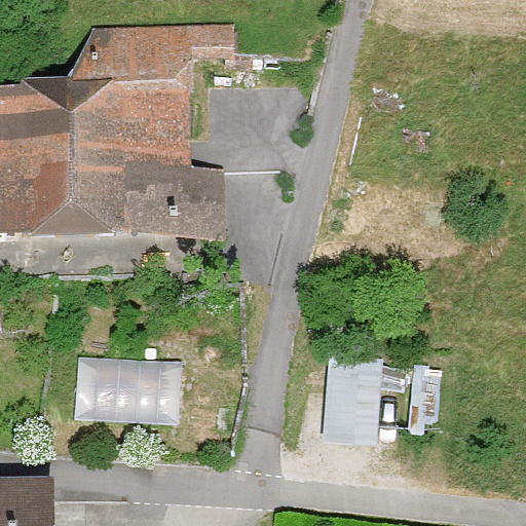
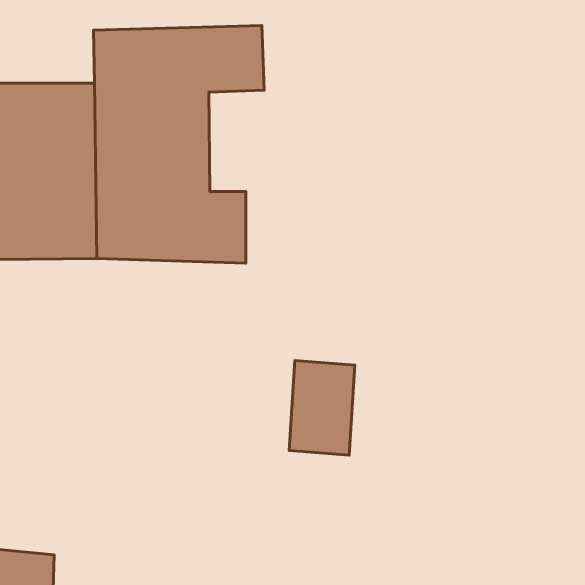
building: [75,353,185,423] -> none
building: [323,359,381,443] -> [289,361,355,455]

